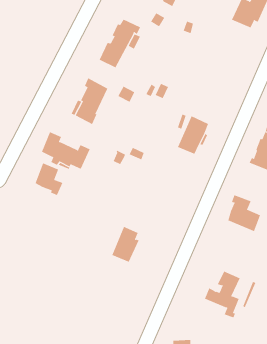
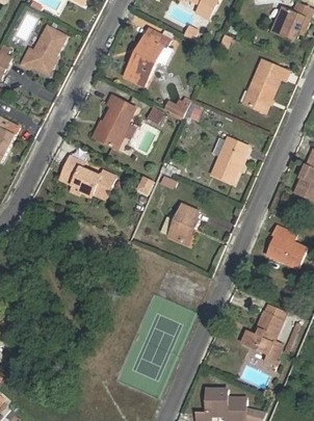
building: none -> [20,26,64,74]
building: none -> [242,60,286,112]
building: [35,163,63,196] -> none
building: [111,226,139,262] -> [167,204,199,244]

